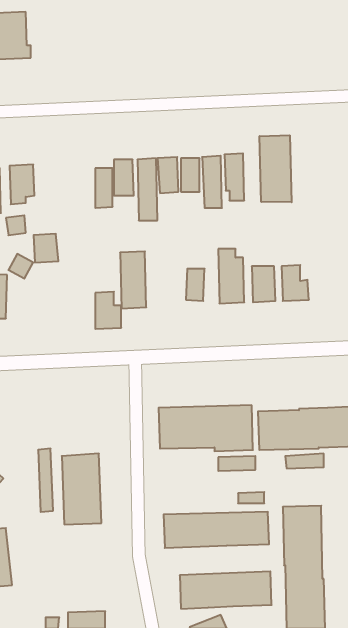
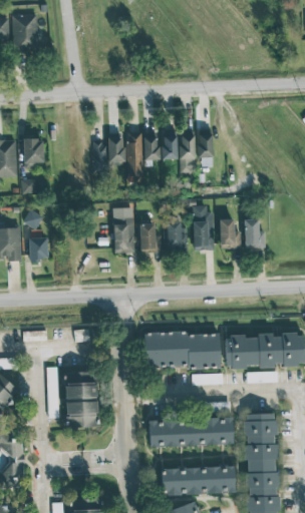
building: [260,135,292,202] -> none
building: [34,234,58,262] -> [29,237,49,261]
building: [95,292,121,329] -> [140,223,162,253]

